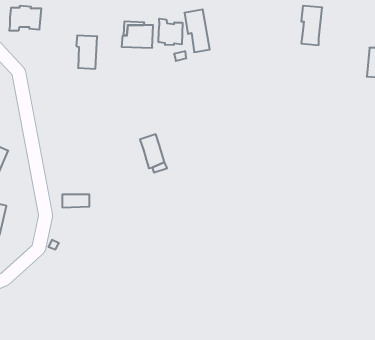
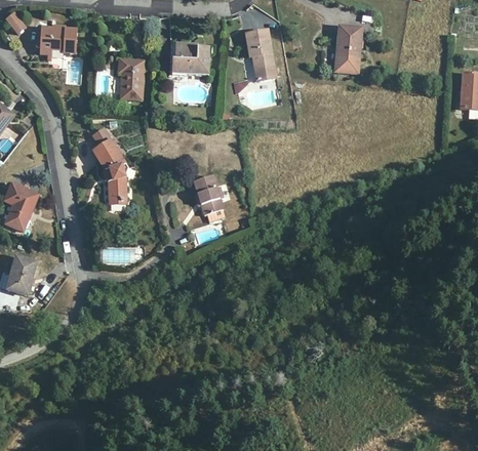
building: [301,6,322,45] -> [336,26,361,72]
building: [159,19,182,45] -> none
building: none -> [91,138,124,202]

